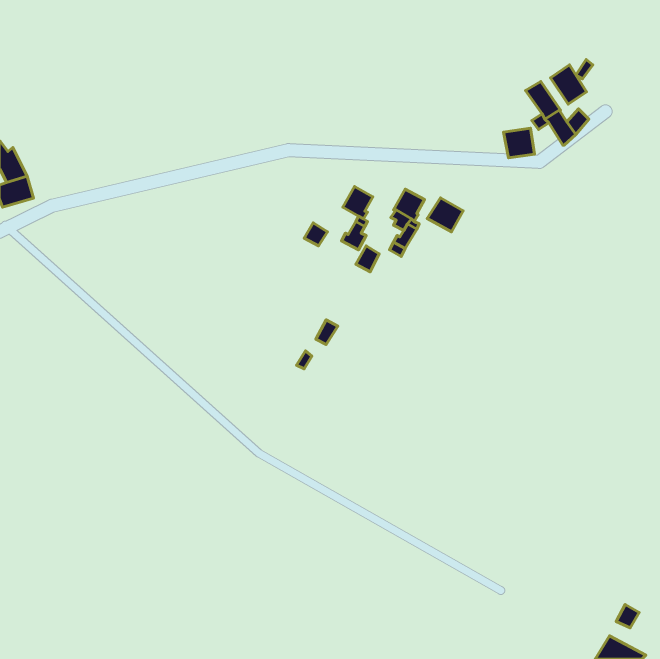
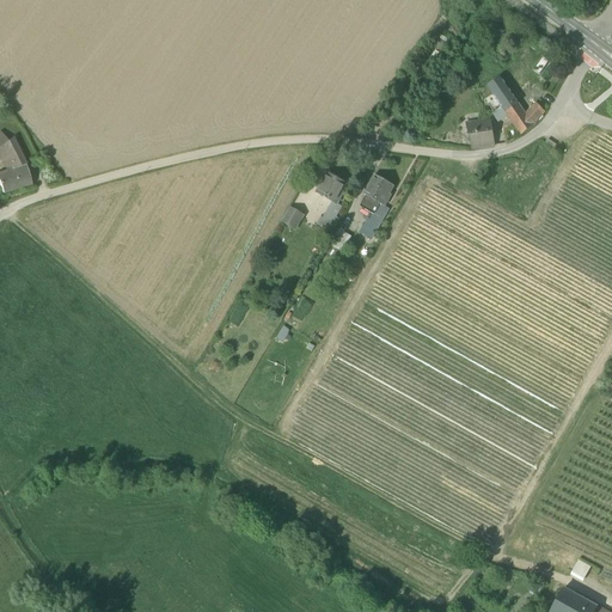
building: [550,65,586,104] -> none
building: [427,198,463,232] -> none

